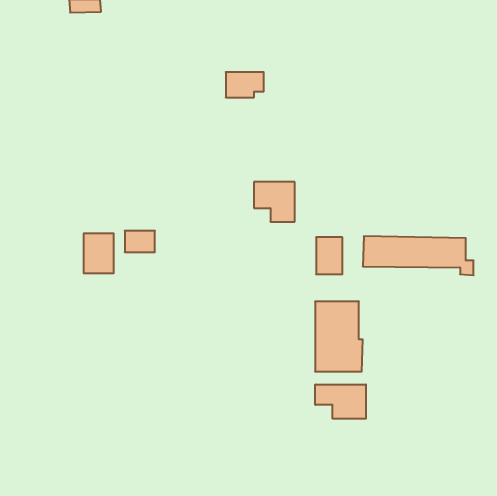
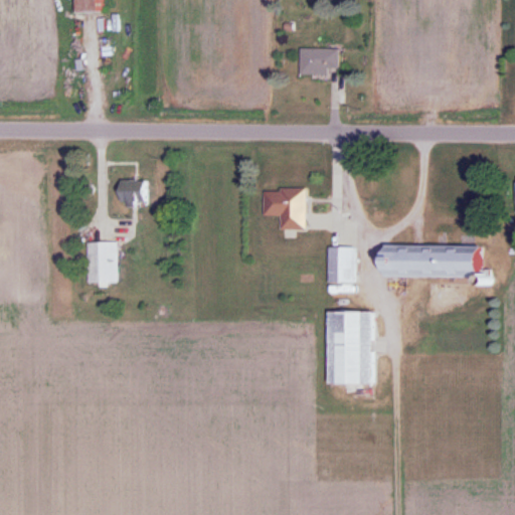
building: [226,72,264,97] -> [299,48,338,74]
building: [125,231,155,252] -> [117,180,148,202]
building: [315,384,366,419] -> none

